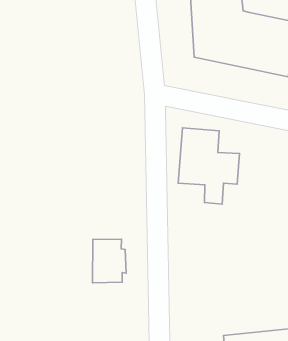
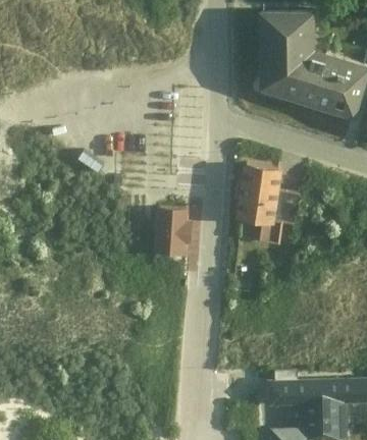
building: [93,239,126,283] -> [155,211,192,258]

